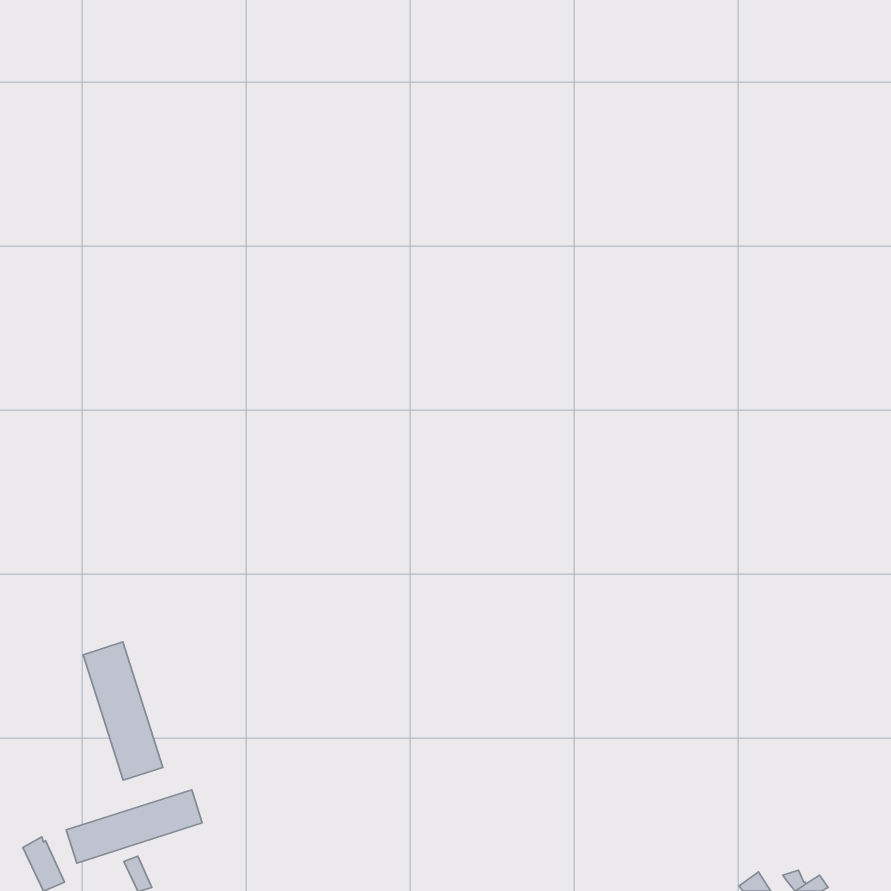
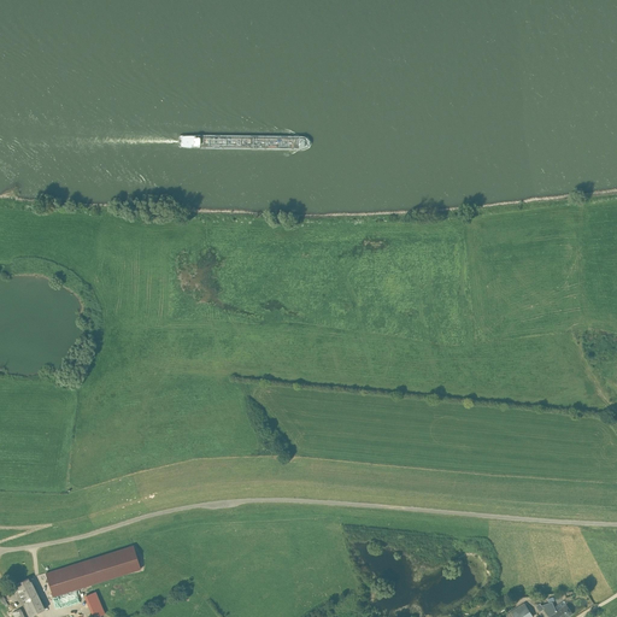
building: [83,642,163,780] -> none

